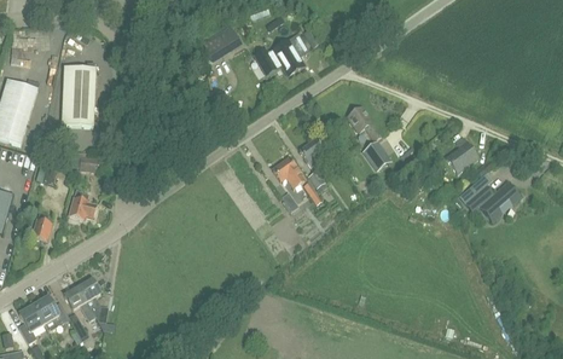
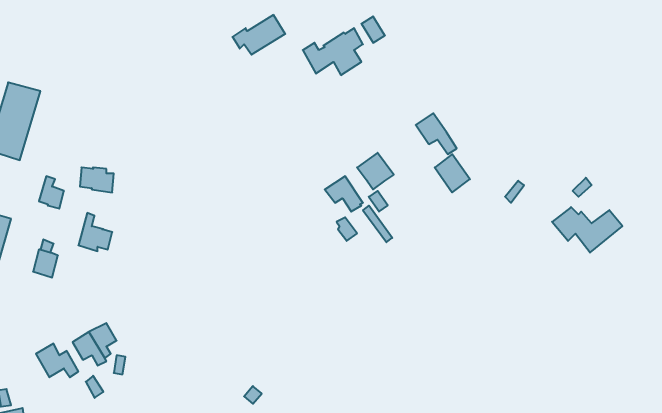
building: [62,65,95,125] -> none
building: [446,135,477,172] -> none
building: [18,303,45,342] -> none

